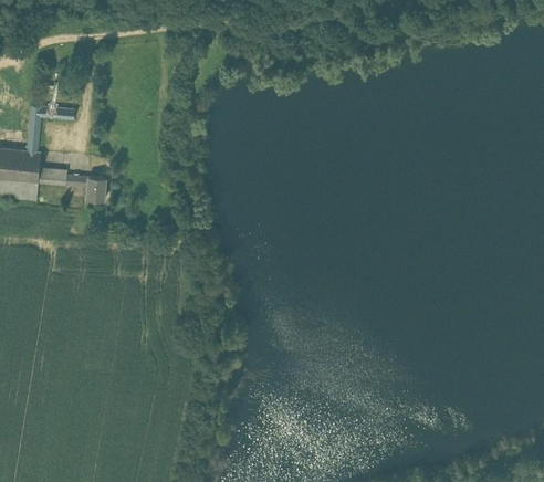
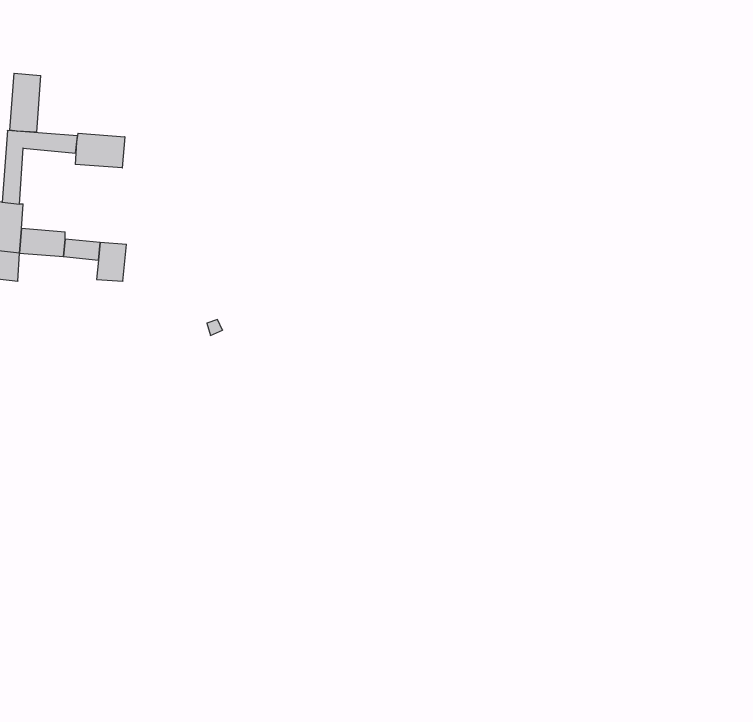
building: none -> [10,73,41,132]
building: none -> [75,133,125,168]

